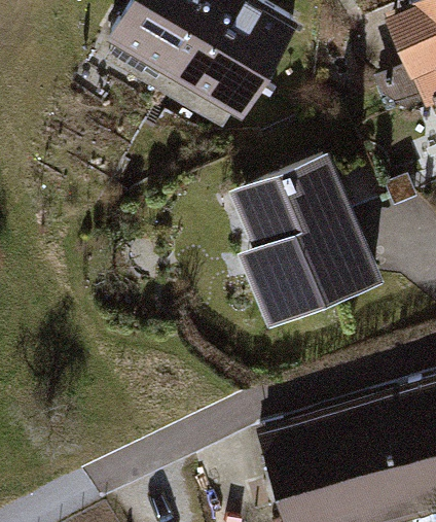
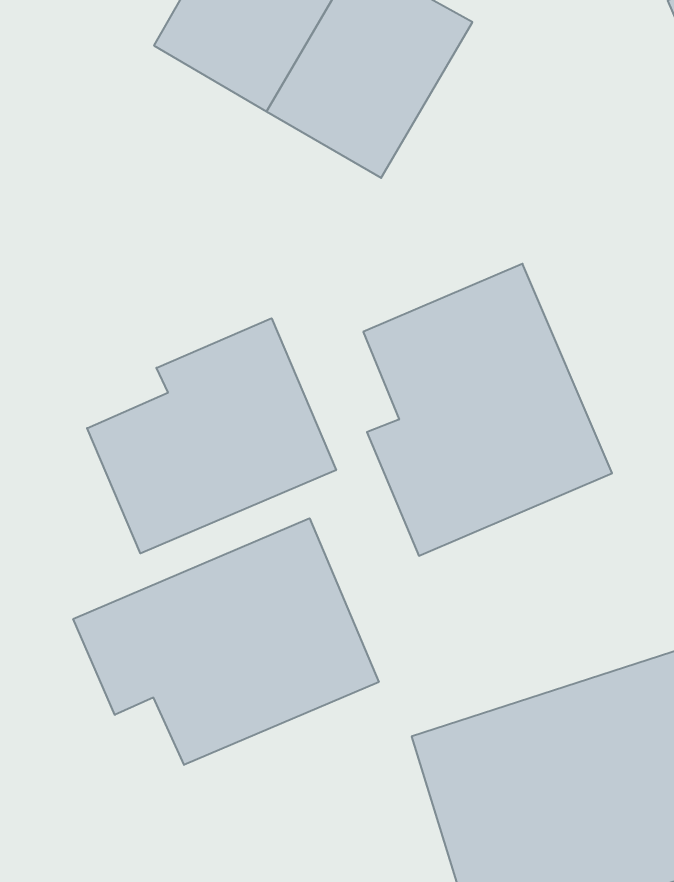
building: none -> [87,318,336,553]
building: none -> [73,518,379,765]

